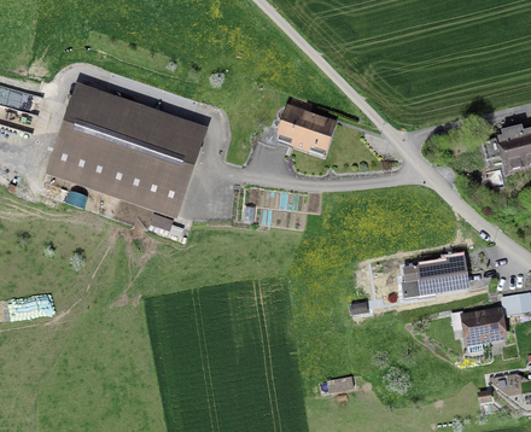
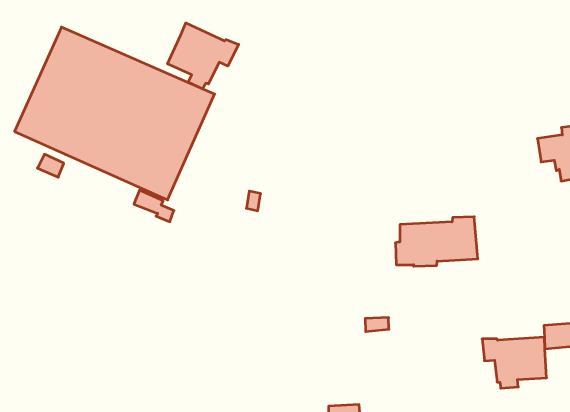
building: none -> [168,23,239,89]
building: [276,103,337,152] -> none
building: [401,253,471,299] -> [395,217,478,266]

